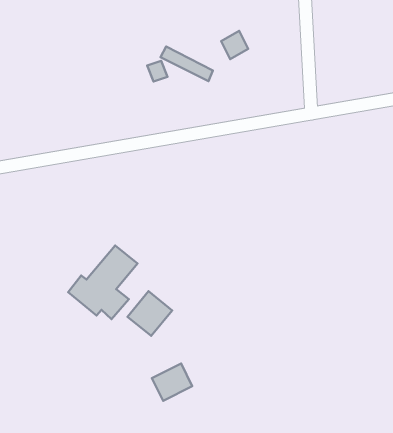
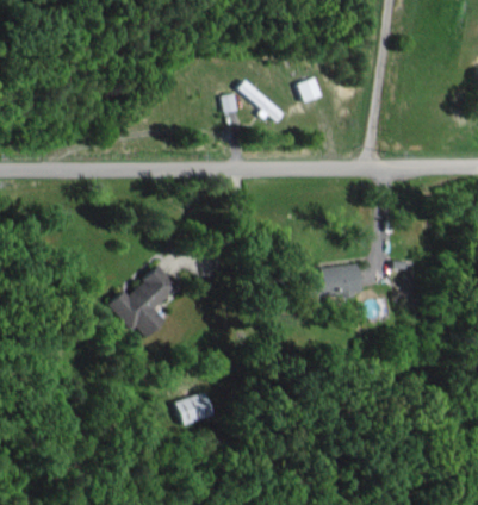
building: none -> [304,264,362,300]
building: [128,291,172,336] -> none

